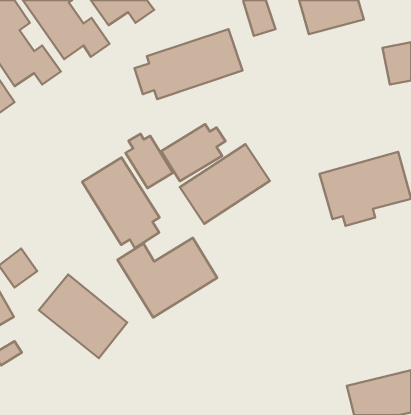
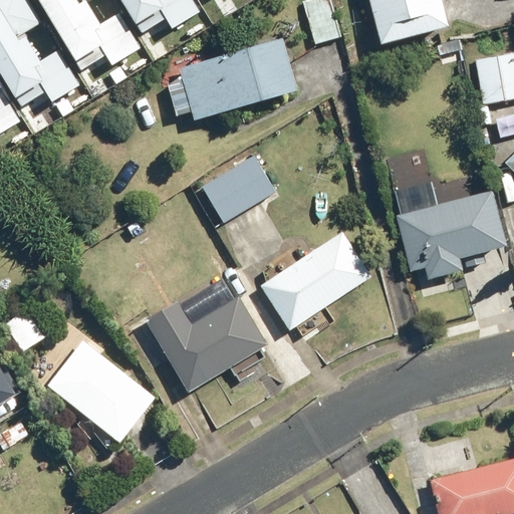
building: [125,134,173,188] -> none
building: [180,144,270,224] -> [261,231,372,329]
building: [82,157,159,248] -> none

